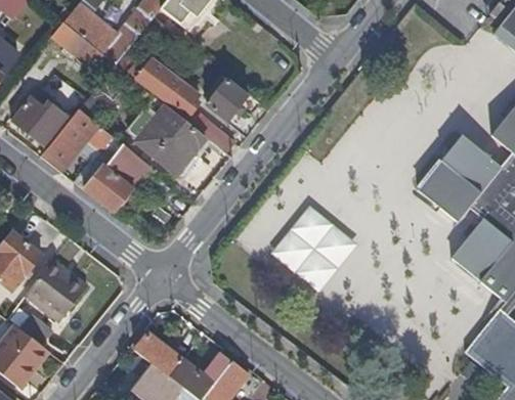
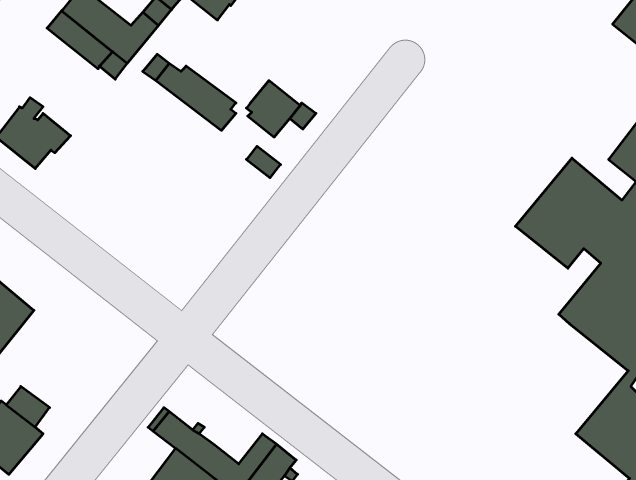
building: [140,105,206,170] -> none
building: [41,108,98,171] -> none
building: [73,129,151,211] -> none
building: [270,205,357,293] -> none
building: [27,260,88,321] -> none

